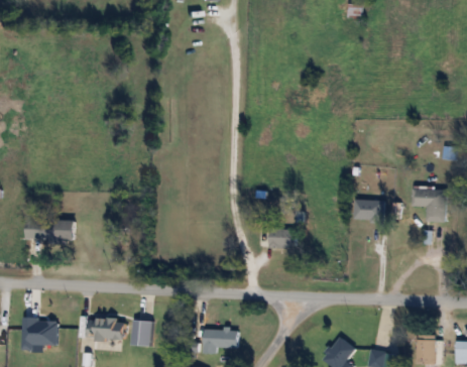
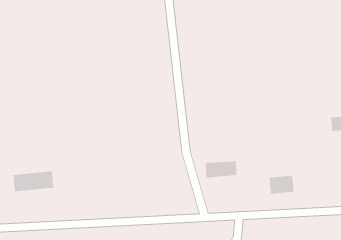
building: [354,200,383,221] -> [269,175,294,195]

